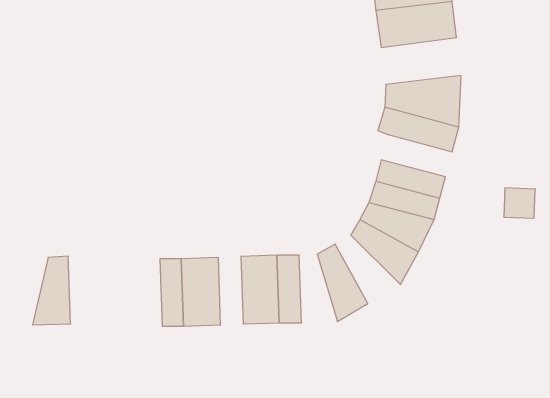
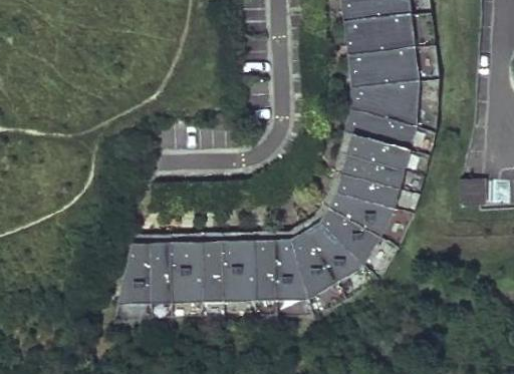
building: none -> [348,43,420,85]
building: none -> [348,129,412,167]
building: none -> [307,220,365,281]
building: none -> [275,237,309,298]
building: [32,256,71,325] -> [118,241,153,302]
building: none -> [203,239,225,300]

